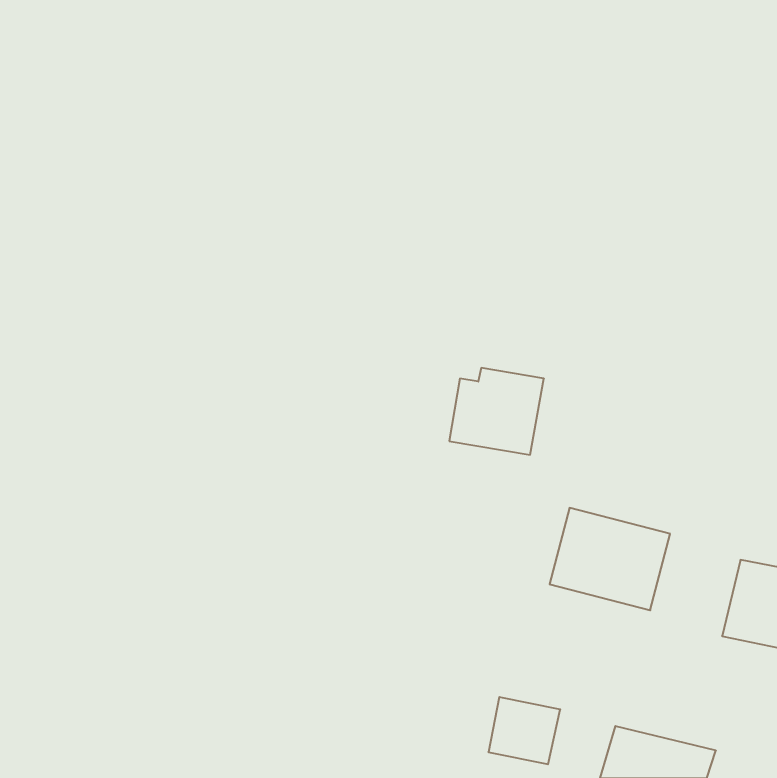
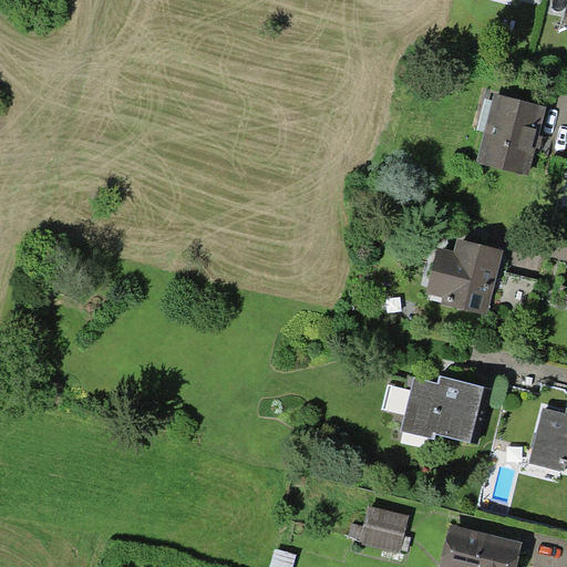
building: none -> [480,96,544,175]
building: [449,368,544,455] -> [430,240,498,303]

